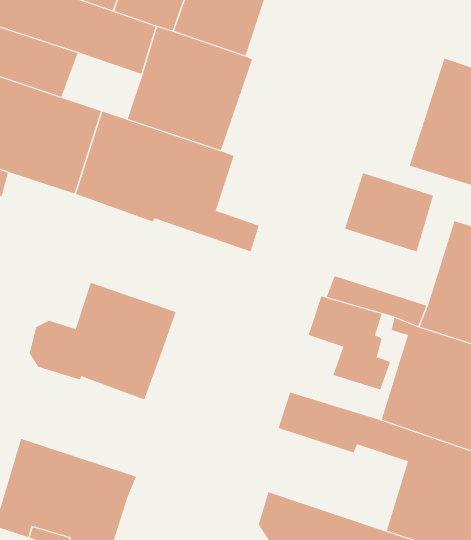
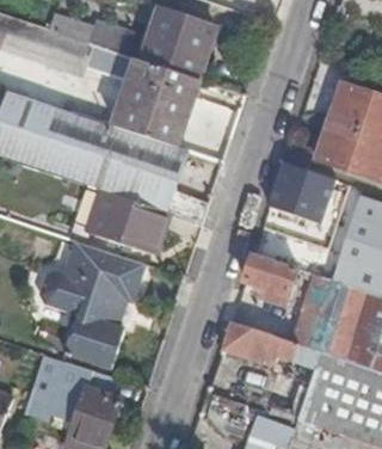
building: none -> [99,197,171,254]
building: none -> [64,310,125,369]

